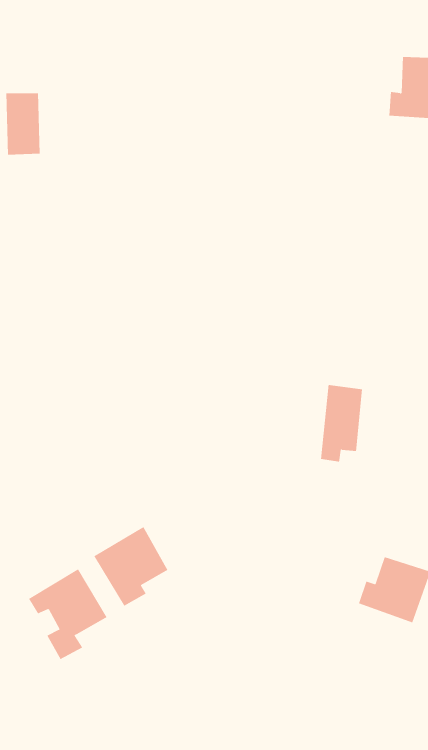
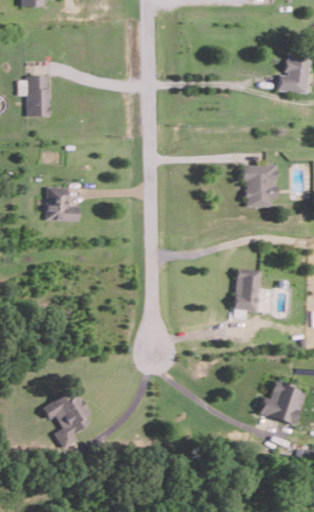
building: none -> [242,165,278,207]
building: none -> [45,187,79,221]
building: [94,526,168,607] -> none

